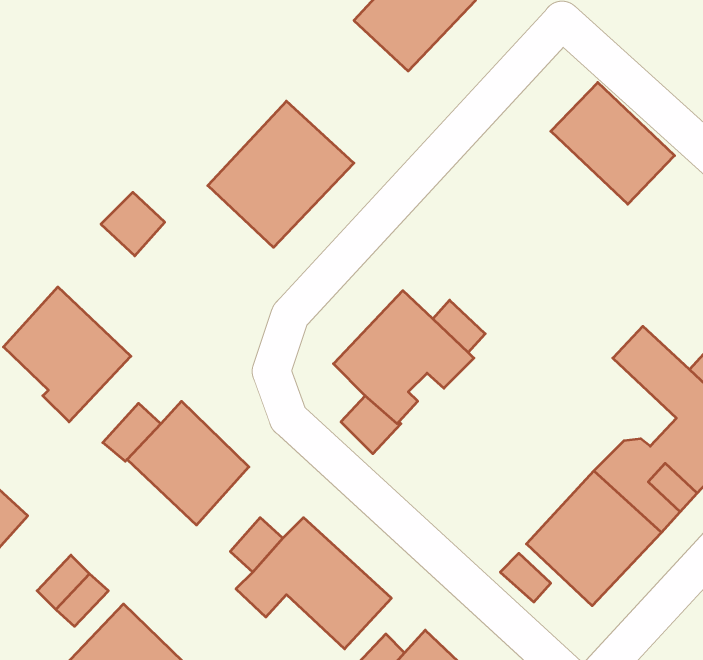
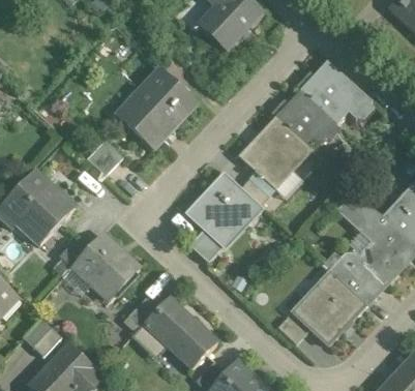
building: none -> [278,84,348,153]
building: none -> [239,116,312,189]
building: [101,192,165,256] -> [87,140,122,175]

